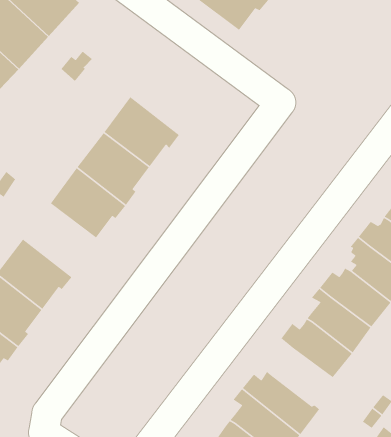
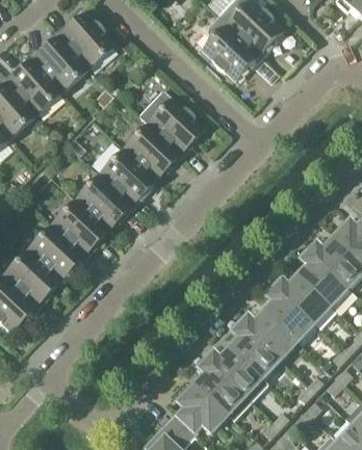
building: none -> [137,89,203,157]
building: none -> [49,200,106,259]
building: none -> [228,324,279,379]

